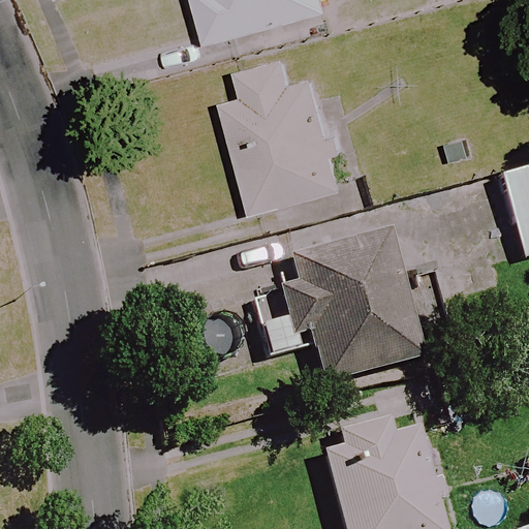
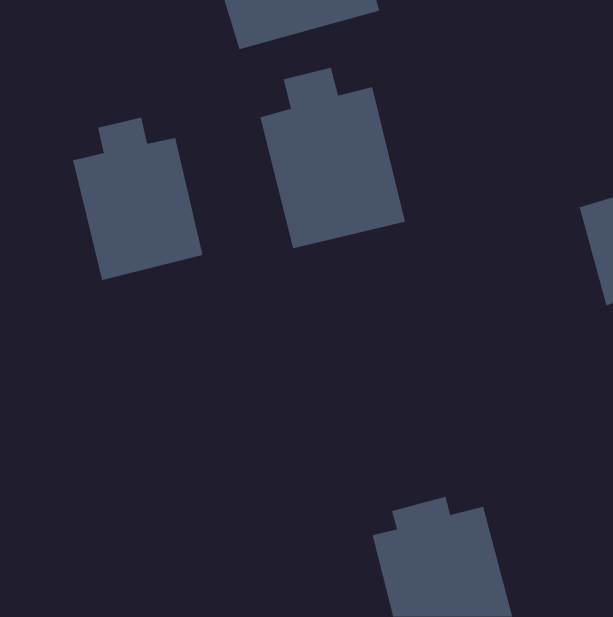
building: none -> [72,117,203,281]
building: [272,231,424,383] -> none

